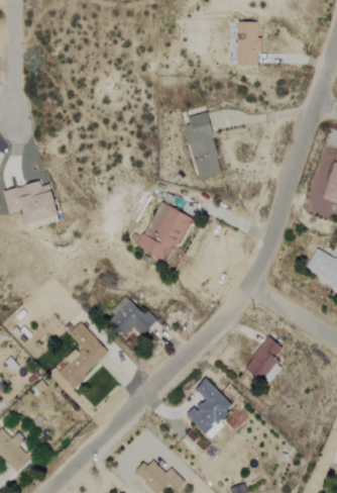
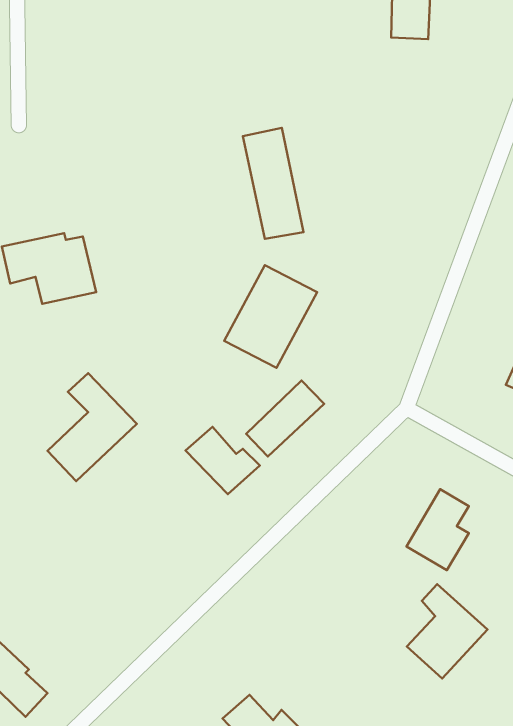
building: [185,112,221,179] -> [243,128,304,239]
building: none -> [246,380,324,456]
building: [55,322,109,387] -> [48,373,137,481]
building: [187,379,235,435] -> [407,584,488,678]

